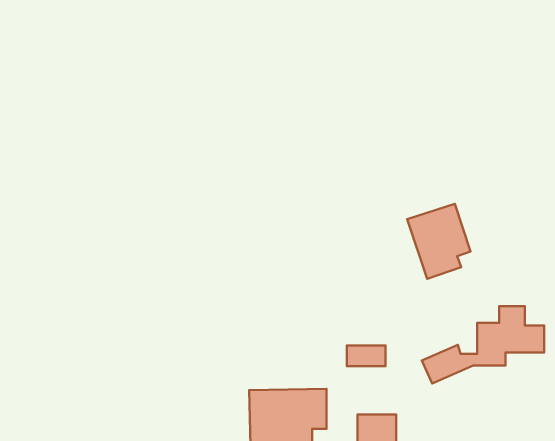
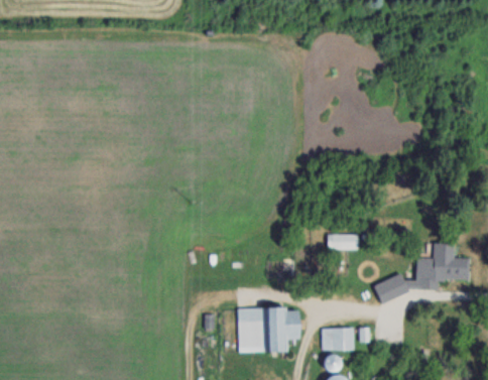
building: [407,204,470,279] -> none
building: [347,345,385,366] -> [328,234,358,250]

